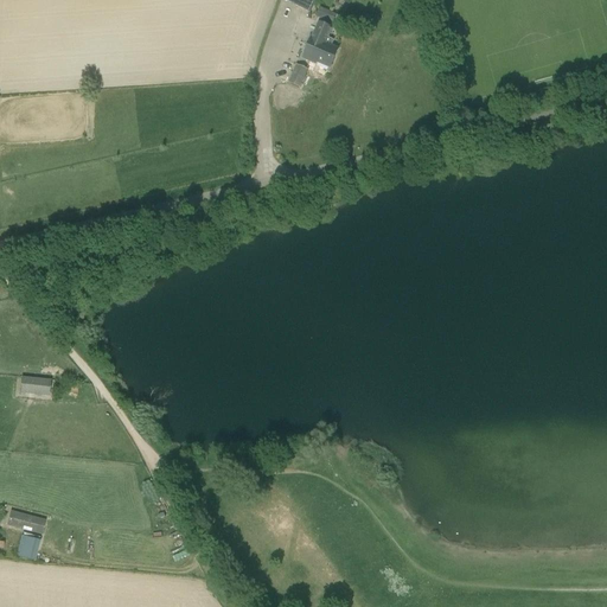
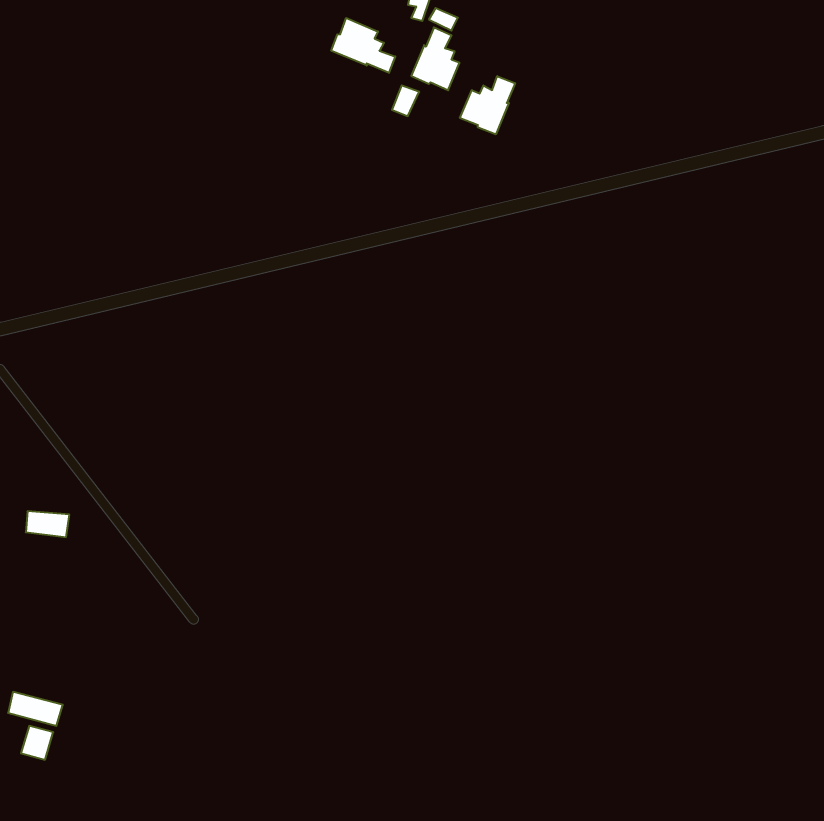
building: none -> [331,18,395,73]
building: none -> [460,76,515,134]

